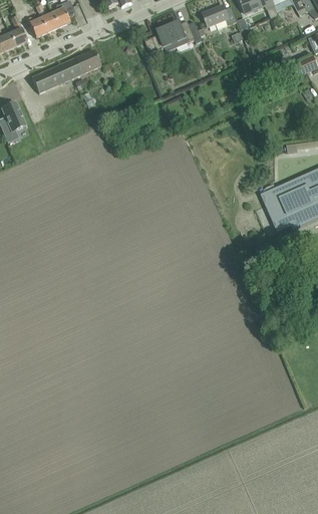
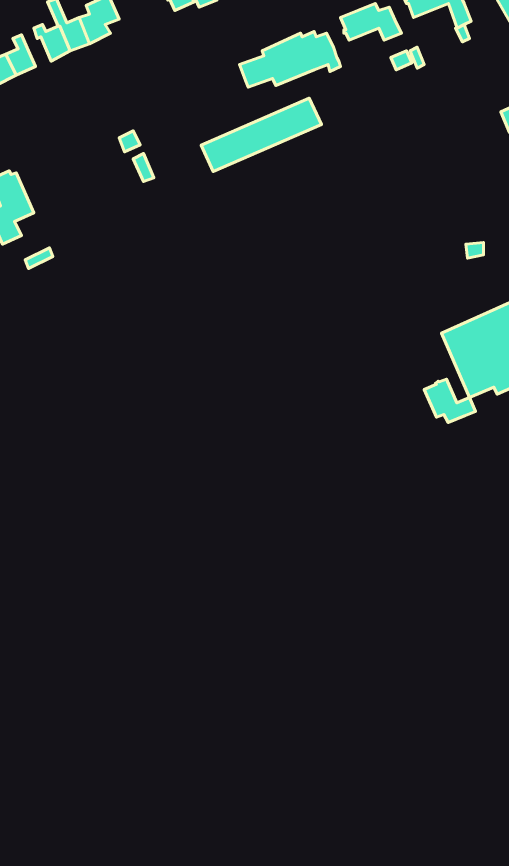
building: [30,49,99,91] -> [201,98,321,171]
building: none -> [424,379,476,422]

